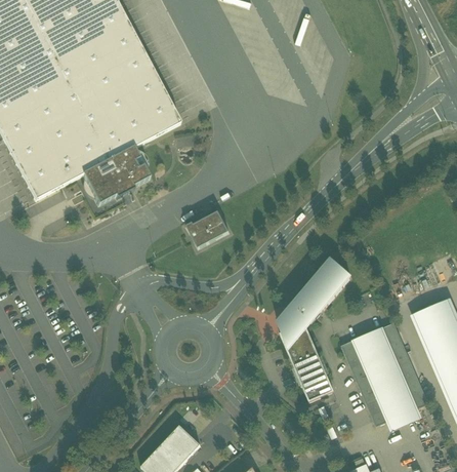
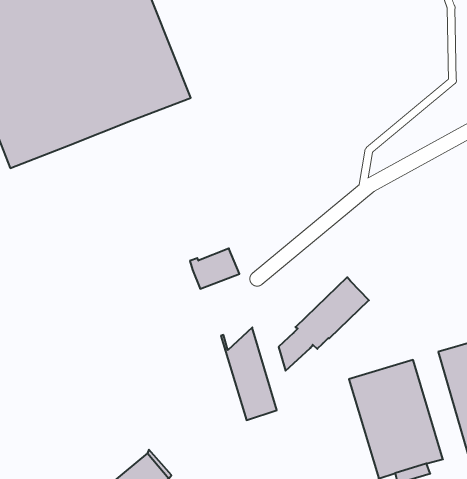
building: [82,146,150,203] -> none
building: [186,209,230,246] -> [190,248,239,289]
building: [280,321,334,400] -> [221,327,277,420]

